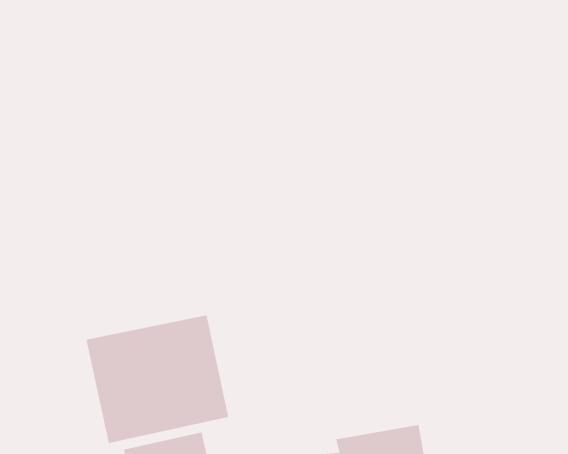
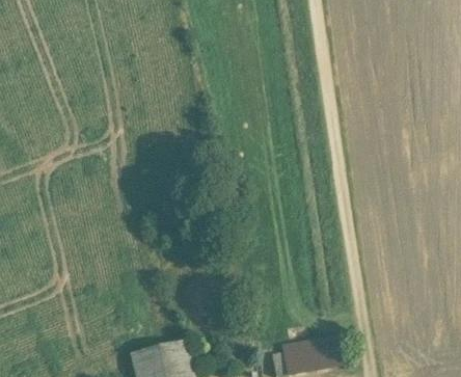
building: [86,315,229,444] -> none

